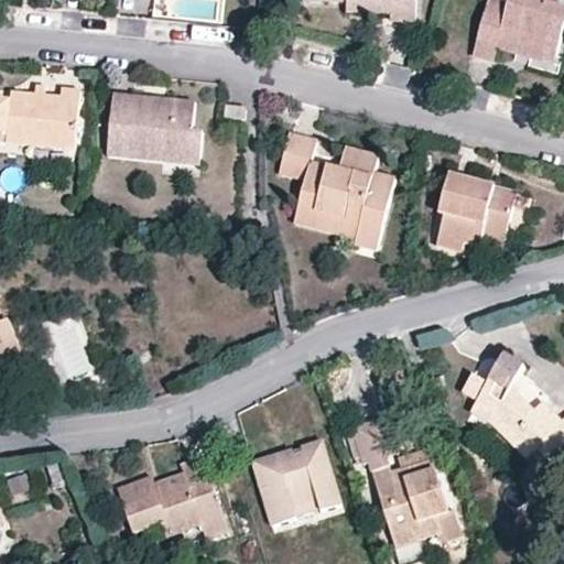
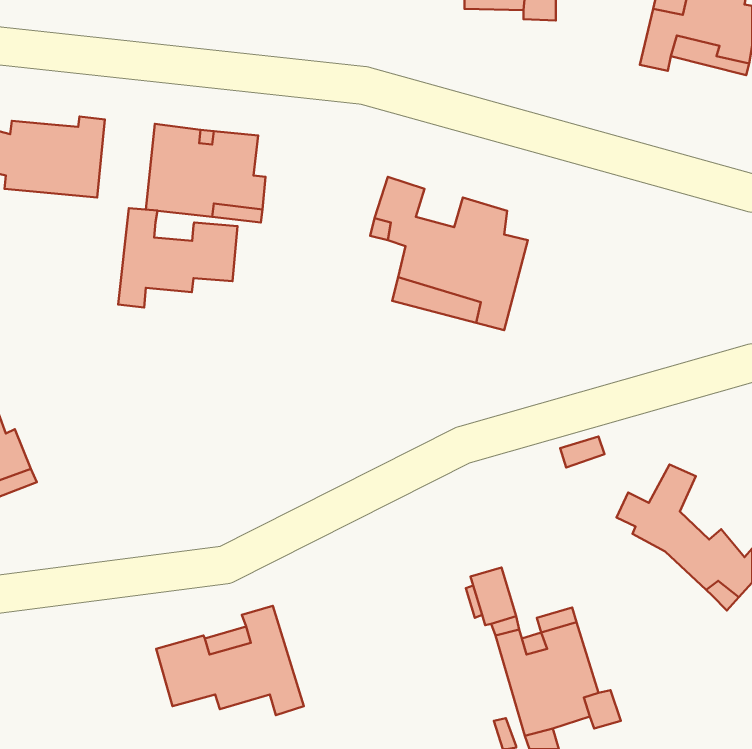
building: none -> [118,208,237,308]
building: [438,173,518,250] -> none
building: [249,435,341,523] -> none

